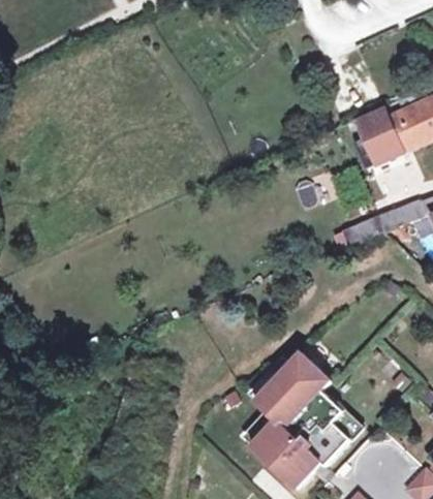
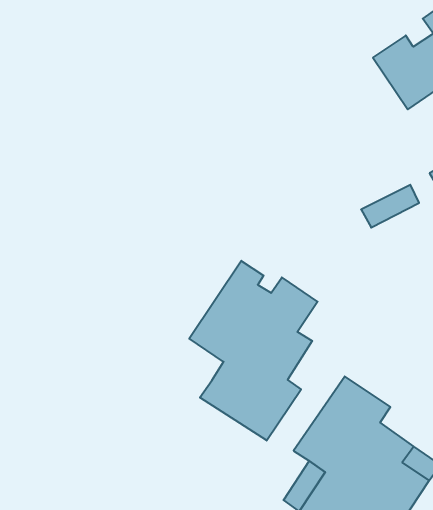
building: none -> [189,261,318,441]

